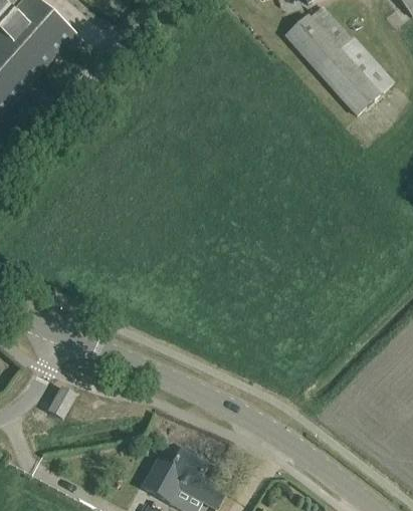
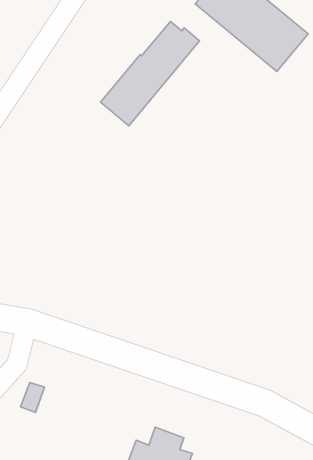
building: none -> [100,22,199,126]

